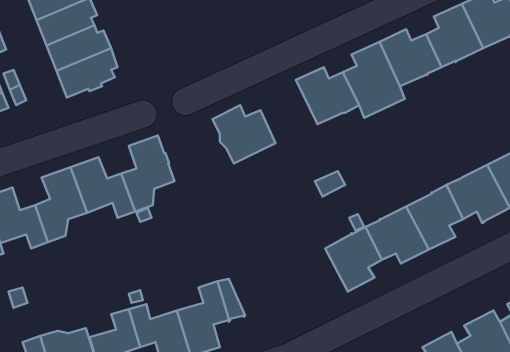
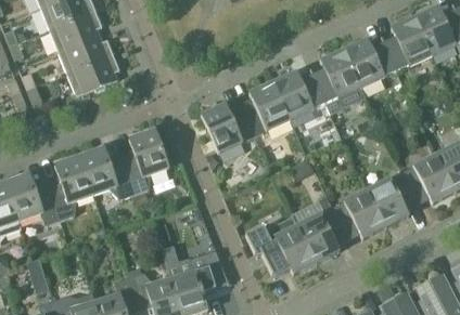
building: none -> [241,80,290,134]
building: none -> [244,214,316,273]

